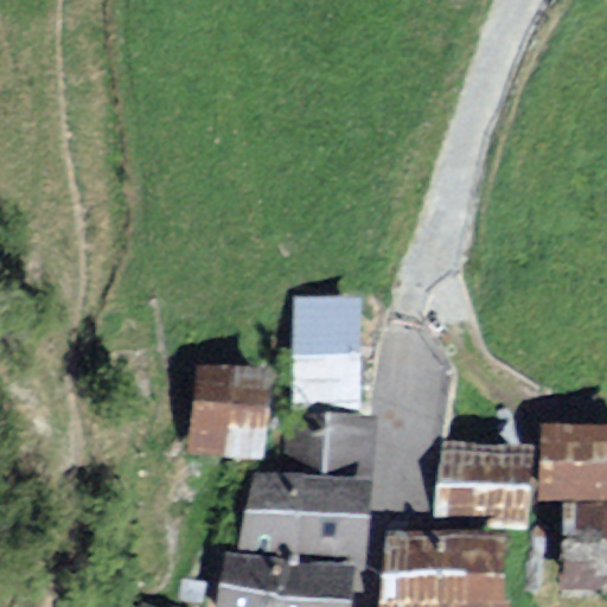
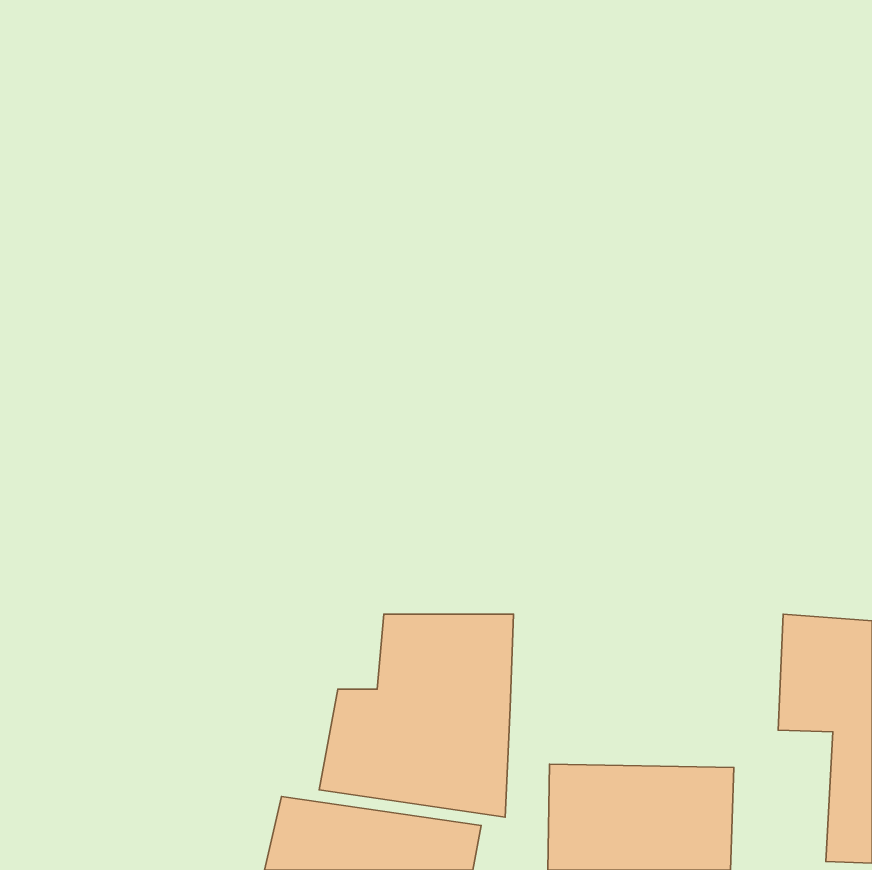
building: [296,312,370,426] -> none
building: [184,369,270,461] -> none
building: [436,437,535,526] -> none

